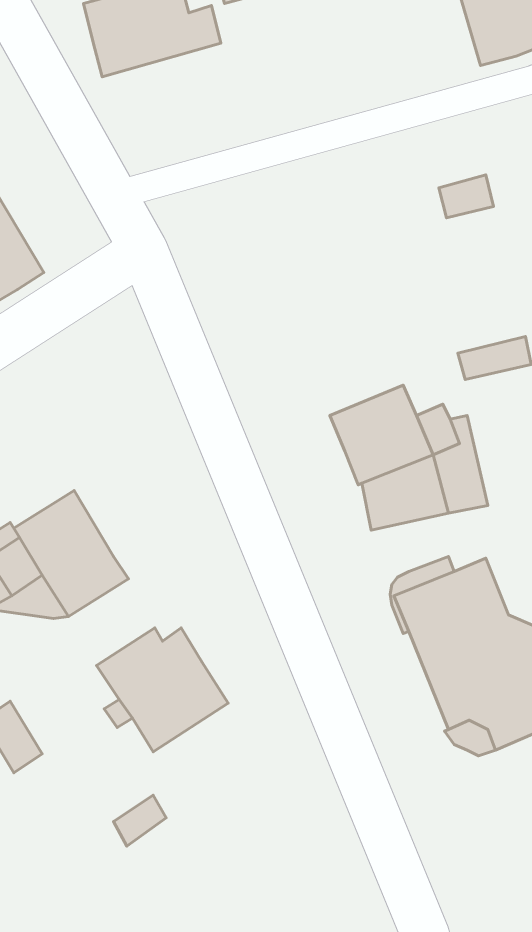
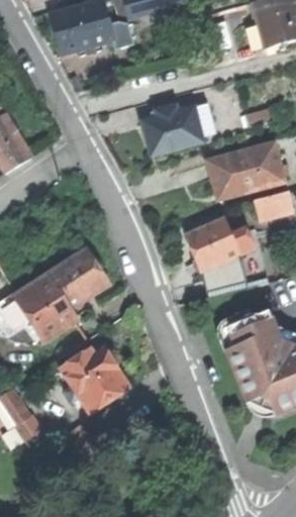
building: none -> [140,101,211,154]
building: none -> [208,143,283,198]
building: none -> [47,249,108,309]

